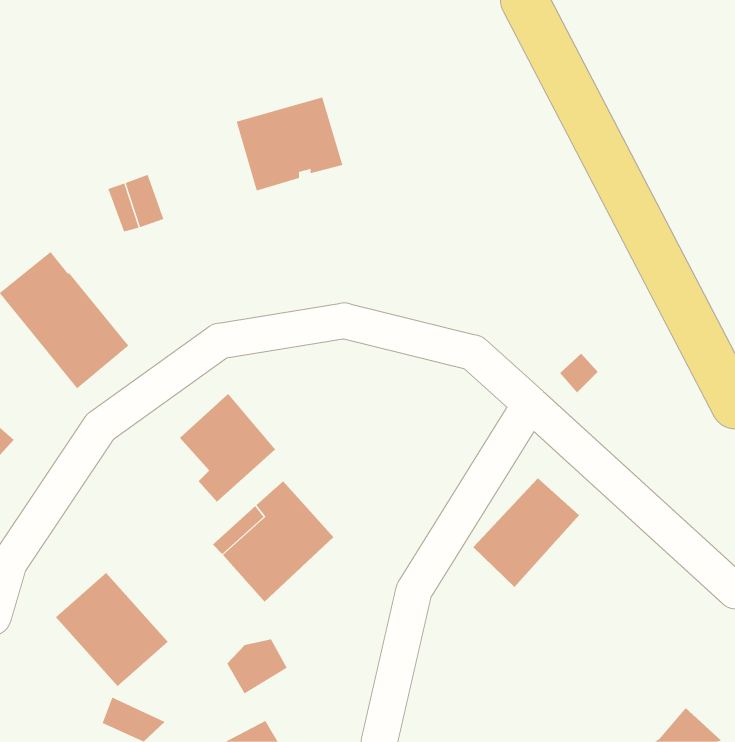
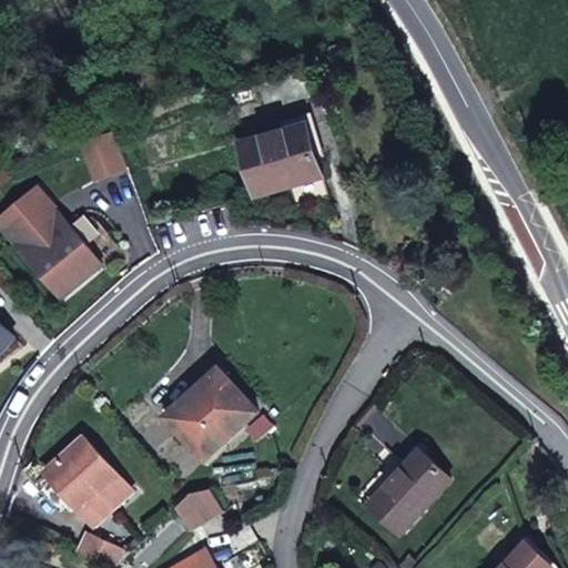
building: [236,97,343,191] -> [237,123,320,195]
building: [179,393,276,502] -> none
building: [472,478,580,588] -> [366,449,448,534]

